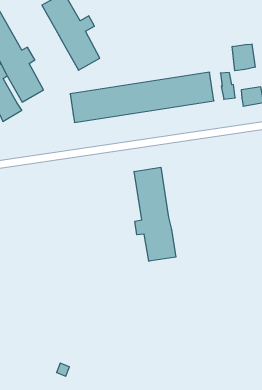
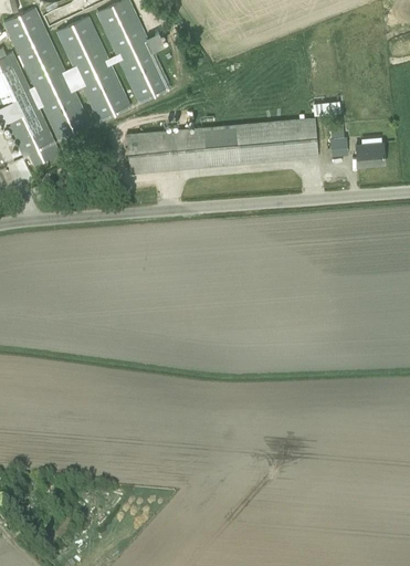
building: none -> [56,17,129,122]
building: [232,44,255,71] -> none
building: [134,167,176,261] -> none

